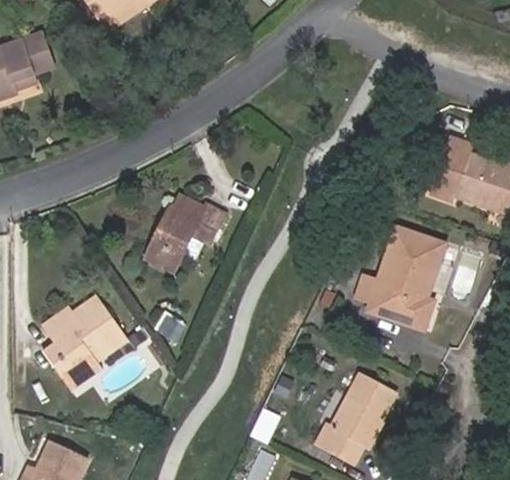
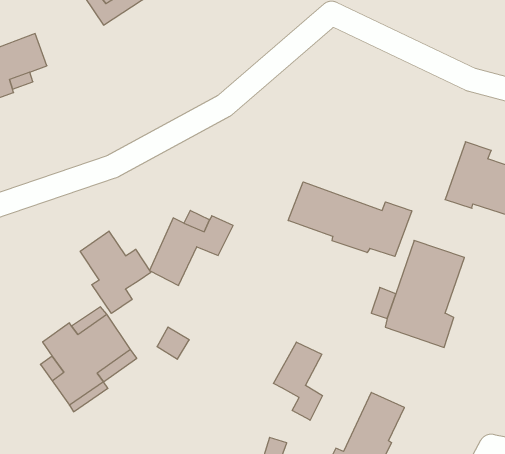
building: none -> [288,182,412,256]
building: none -> [80,231,151,313]
building: none -> [273,342,322,420]

